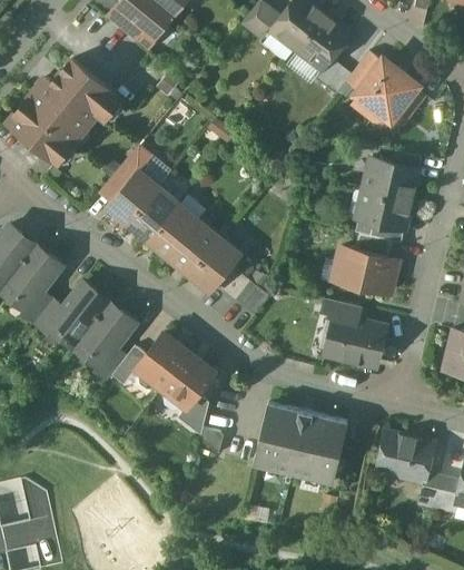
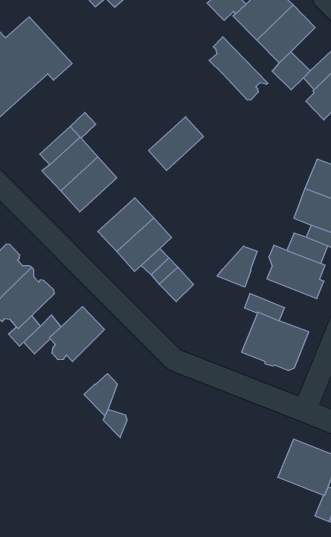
building: none -> [209,37,268,100]
building: [148,204,199,258] -> [149,117,203,170]
building: none -> [217,246,257,287]
building: [161,352,214,406] -> none
building: [254,403,347,483] -> none

